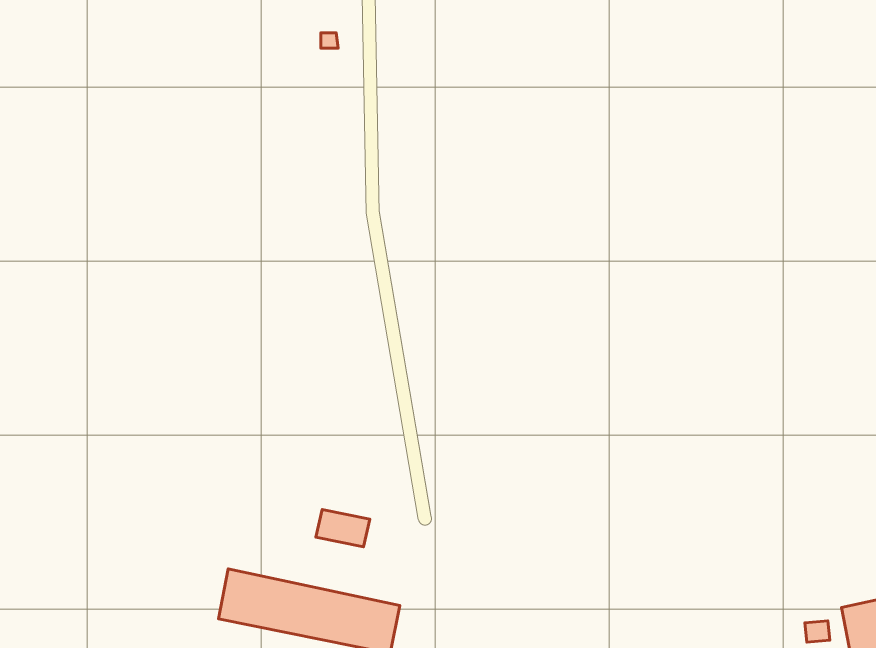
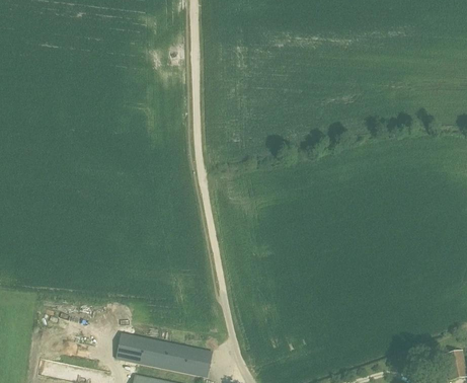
building: [316,509,370,547] -> none

